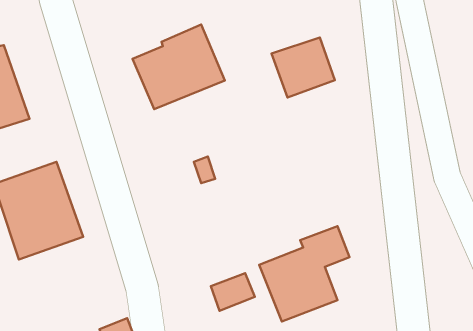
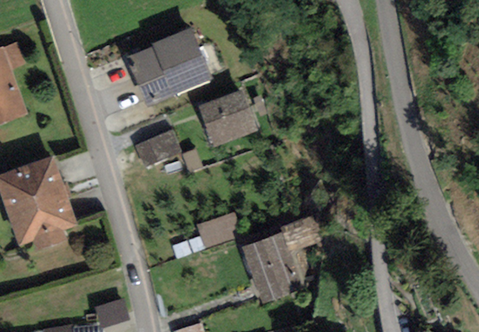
building: [271,37,335,97] -> [196,90,255,146]
building: none -> [134,131,179,168]
building: [211,273,255,311] -> [199,214,240,249]

